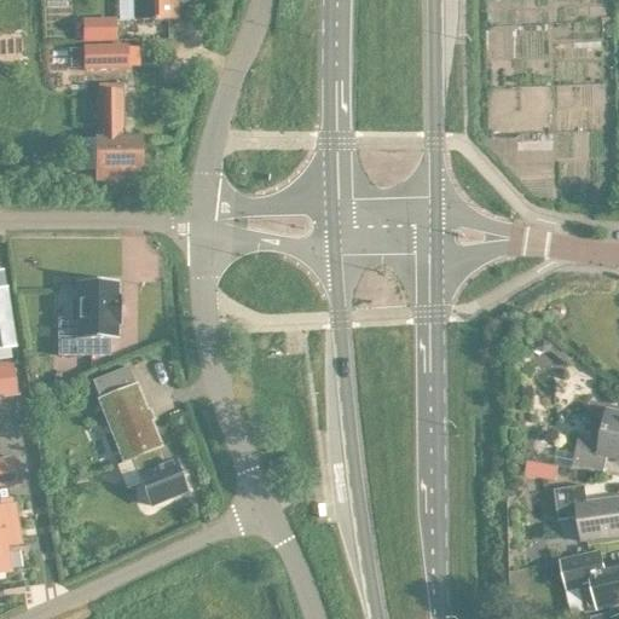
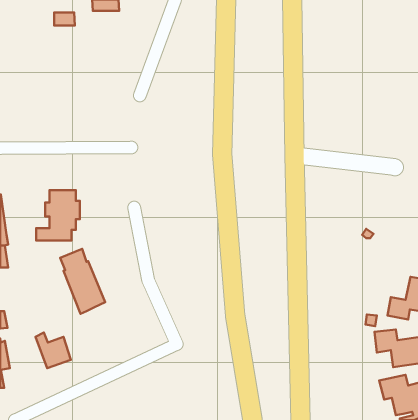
building: [83,42,120,66] -> none
building: [80,87,140,177] -> none
building: [131,451,183,503] -> [36,333,71,368]

